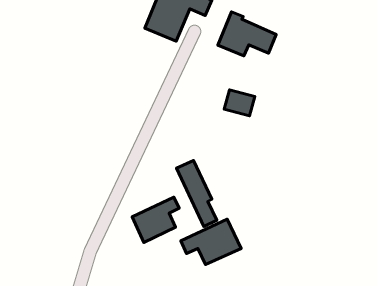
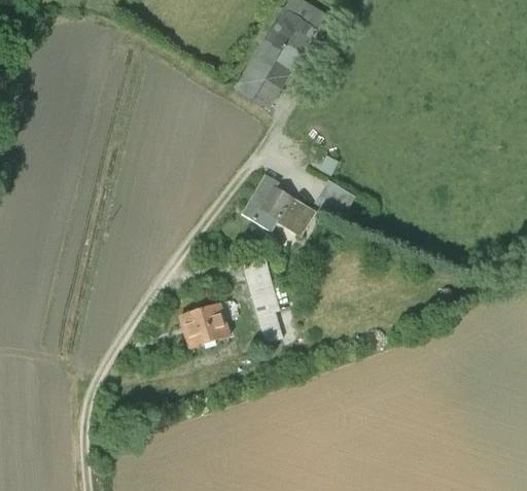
building: [218,12,276,56] -> [242,175,316,234]
building: [181,219,241,265] -> none

